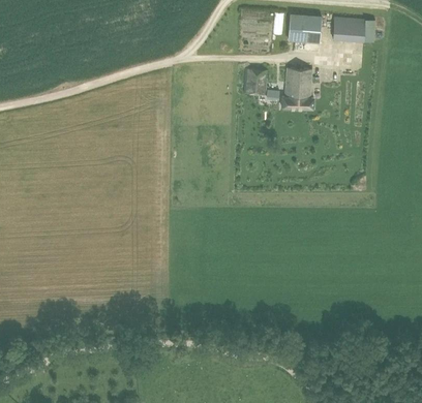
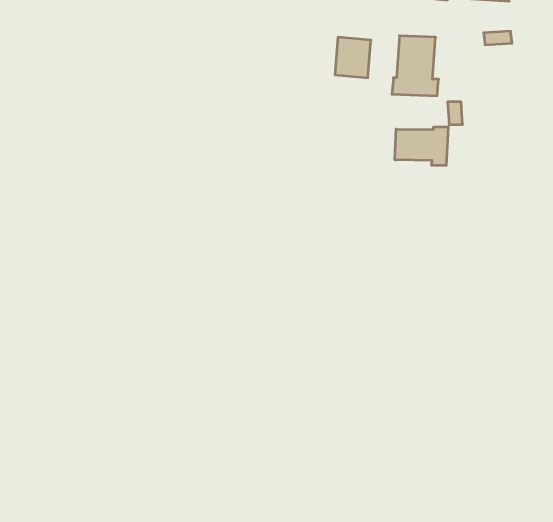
building: none -> [395,127,448,165]

